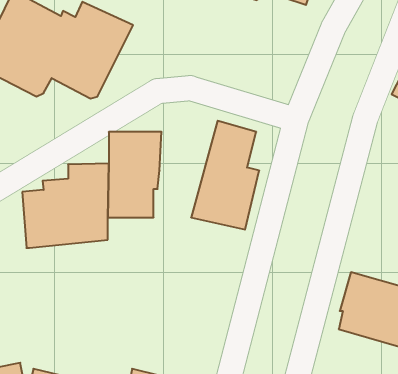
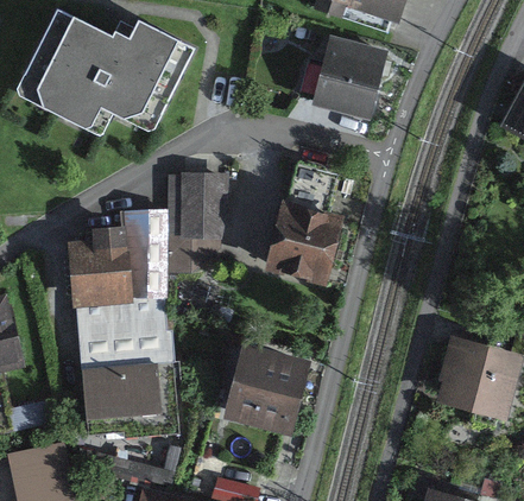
building: none -> [312,36,387,119]
building: none -> [75,298,178,437]
building: none -> [223,343,310,437]

